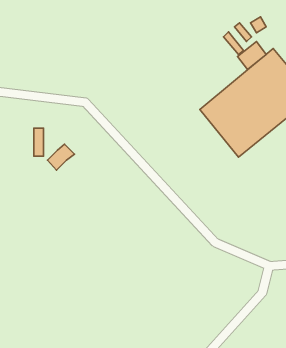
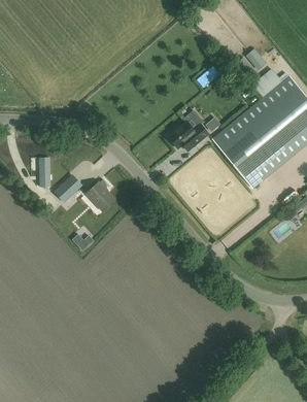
building: none -> [167,121,208,152]
building: none -> [86,180,114,211]

